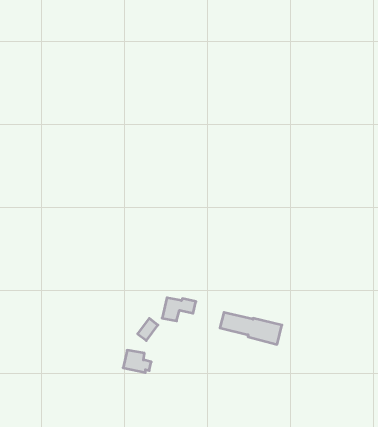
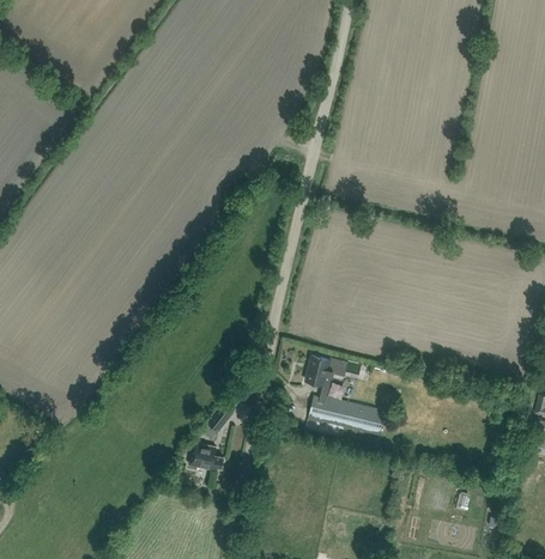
building: [162,298,196,321] -> [305,357,347,385]

